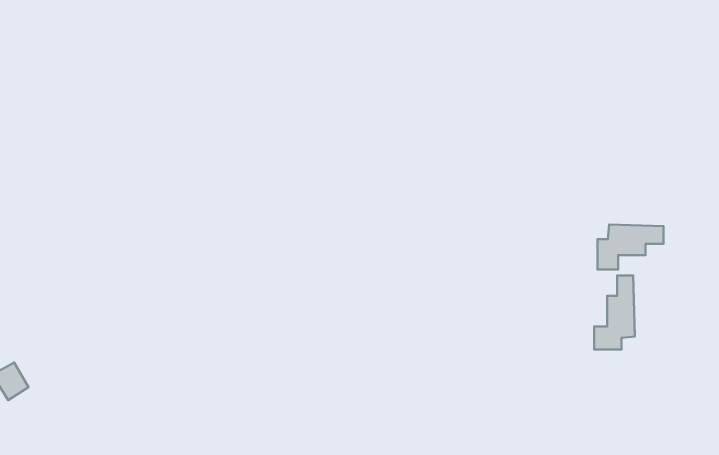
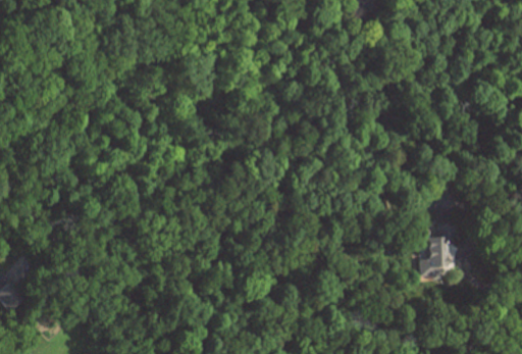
building: [597,225,664,270] -> none

